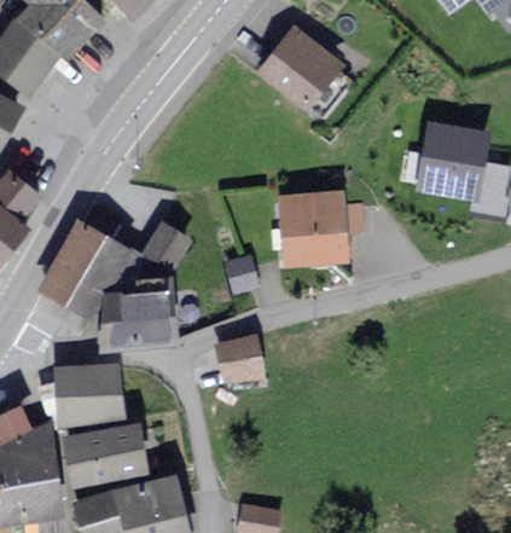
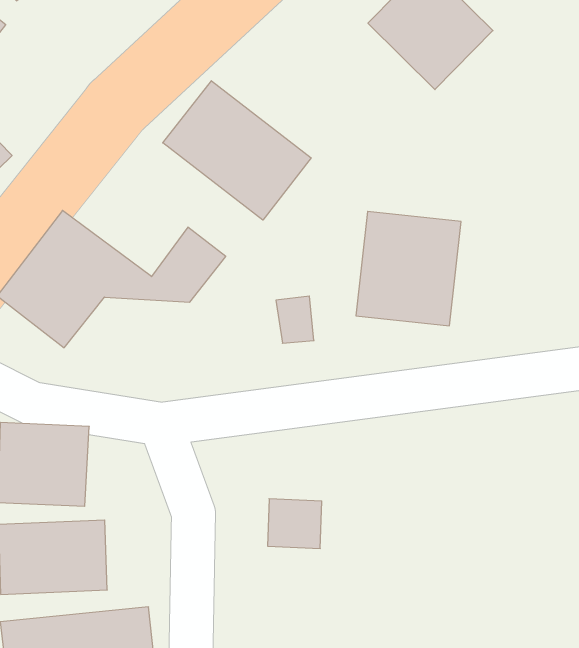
building: none -> [163,81,311,220]
building: [110,277,170,342] -> none
building: [221,341,260,376] -> [268,499,322,548]

